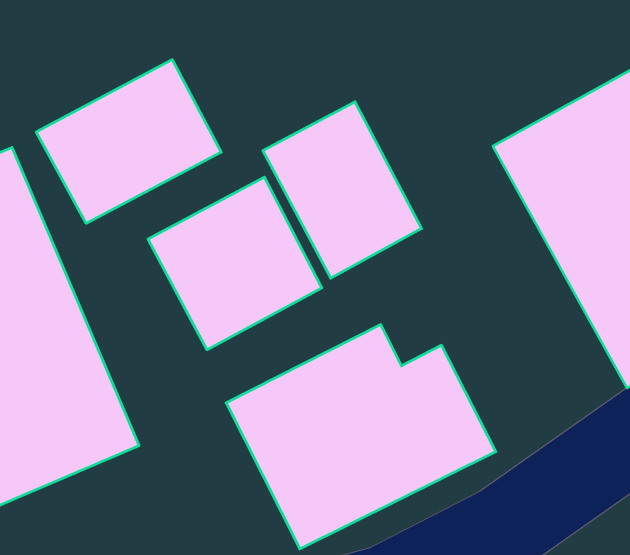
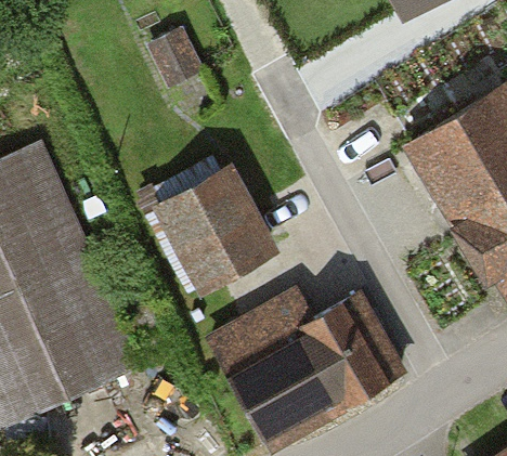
building: [36,60,221,223] -> none
building: [263,102,422,278] -> none

